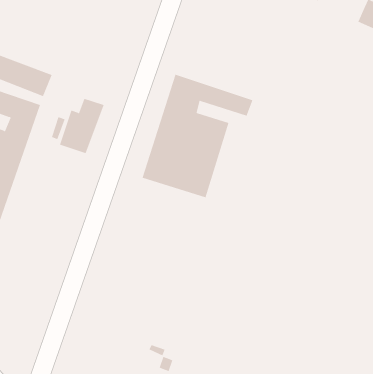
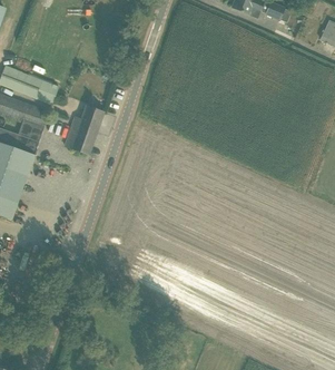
building: [142,74,253,198] -> none

